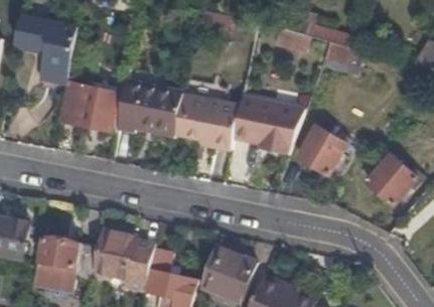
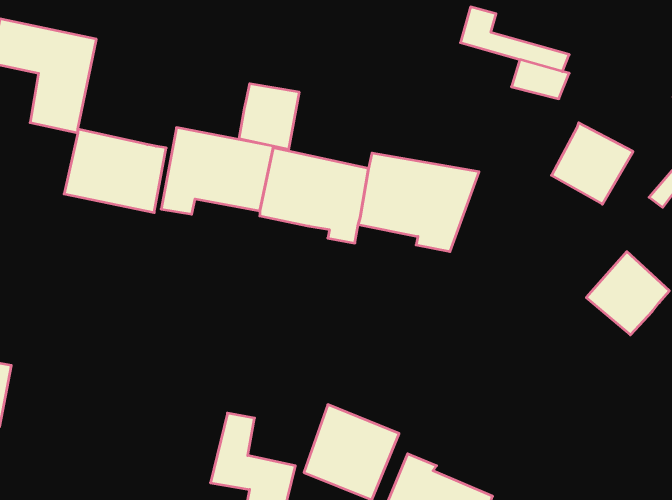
building: none -> [239,84,299,150]
building: [298,125,346,173] -> [551,123,633,204]
building: [94,228,154,291] -> none
building: [34,236,94,288] -> none

